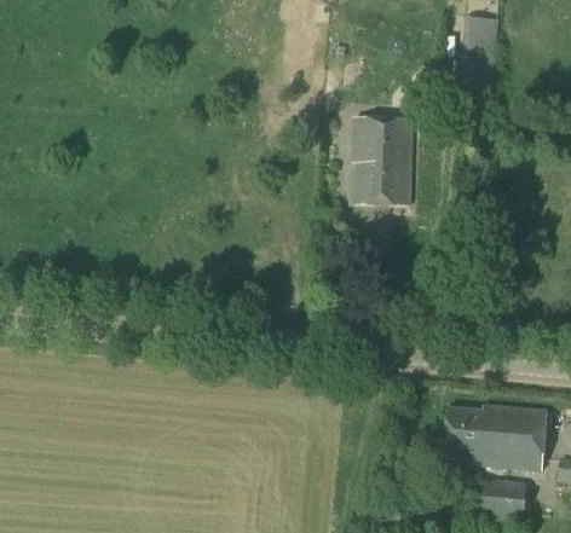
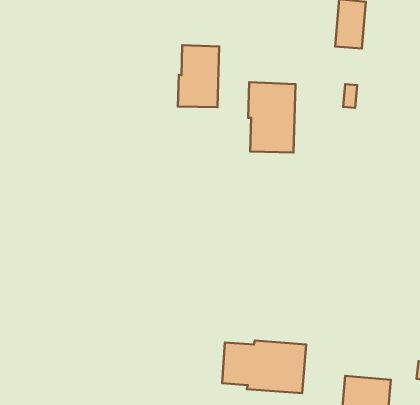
building: none -> [178,45,219,107]
building: [444,406,547,470] -> [222,340,306,393]

